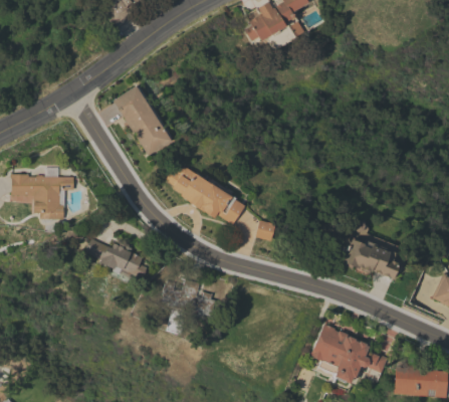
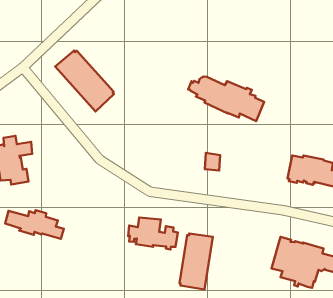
building: [166,167,245,224] -> [188,76,264,121]
building: [85,238,148,277] -> [5,210,64,239]
building: none -> [180,233,213,289]

